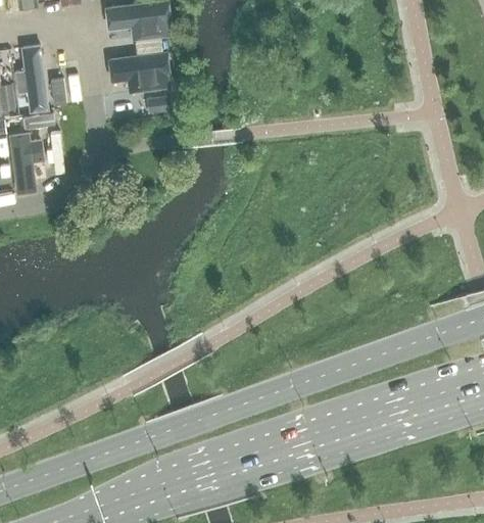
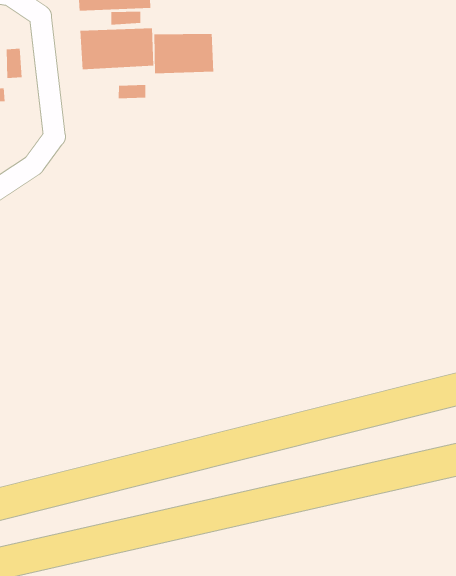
building: none -> [154,33,214,74]

